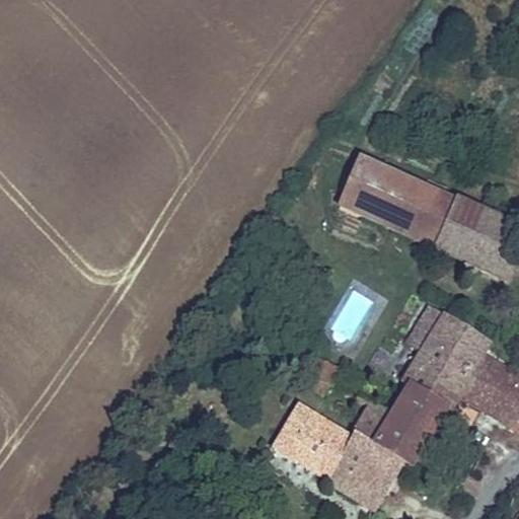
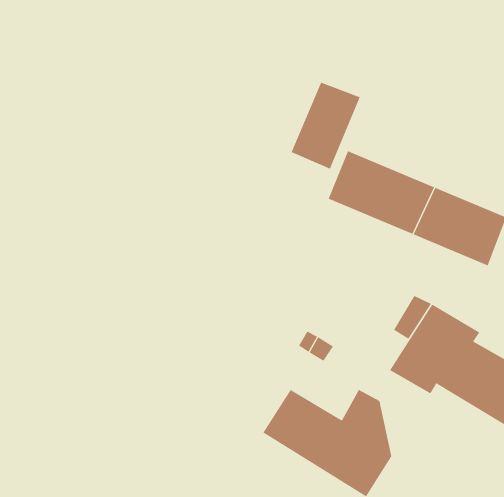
building: none -> [291,82,361,170]
building: [391,383,451,471] -> none

